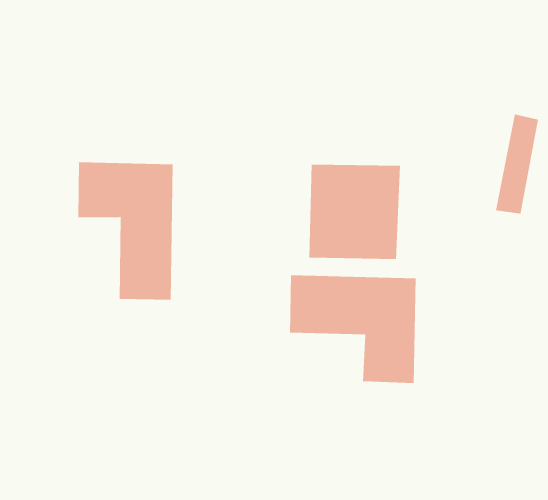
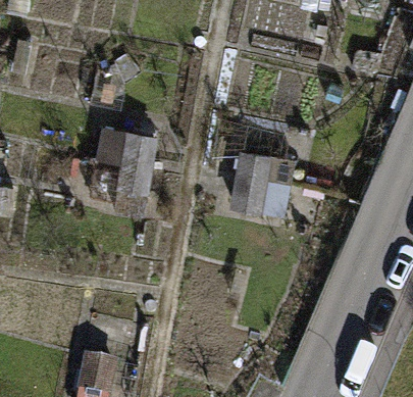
building: [289,274,416,384] -> none

